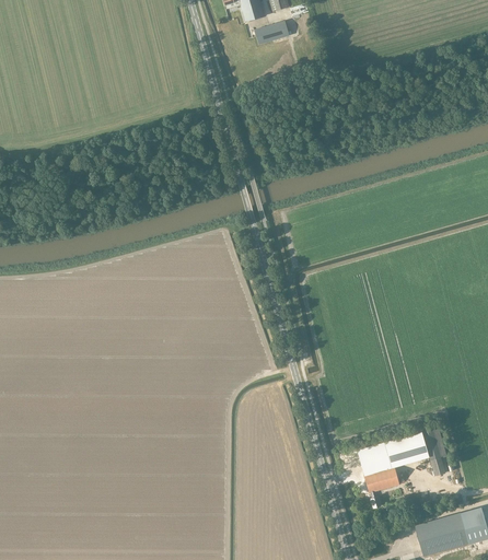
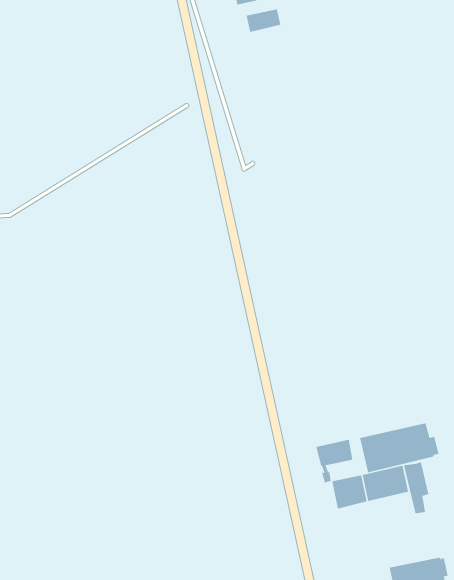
building: none -> [359,422,439,473]
building: [365,466,400,508] -> [315,439,353,483]

